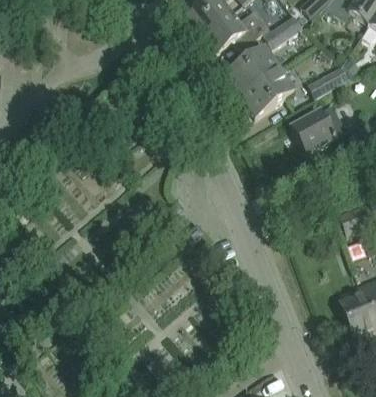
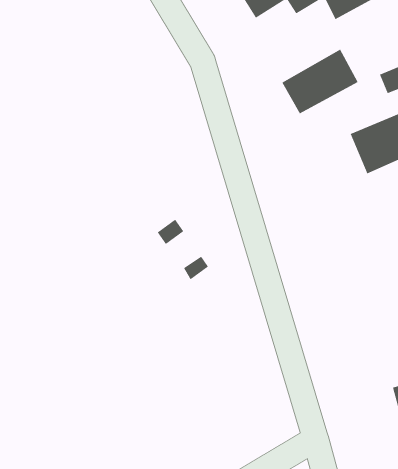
building: [225,47,278,96] -> none

